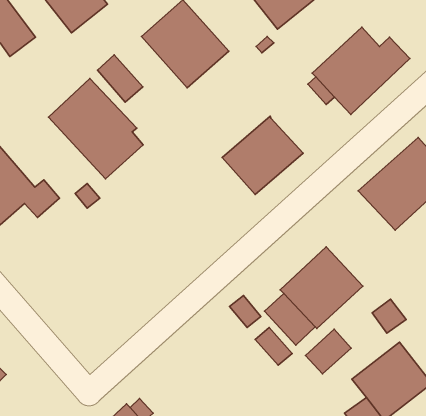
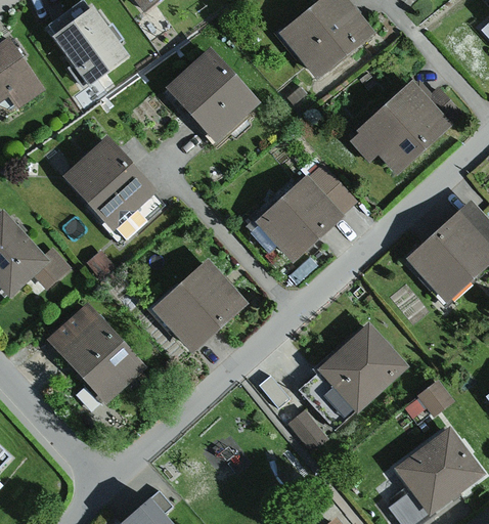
building: [97,55,143,102] -> none
building: none -> [308,163,360,217]
building: none -> [150,260,244,352]
building: none -> [48,304,145,403]
building: [305,329,351,374] -> none

